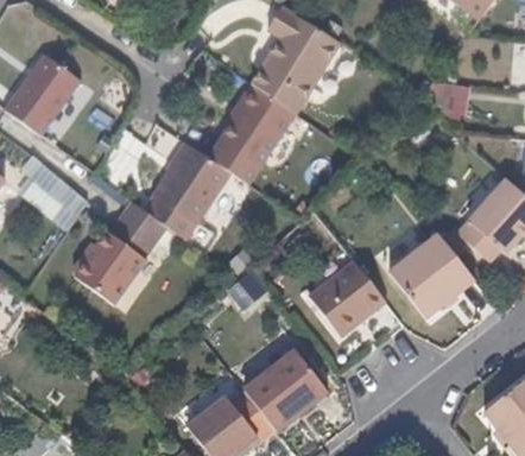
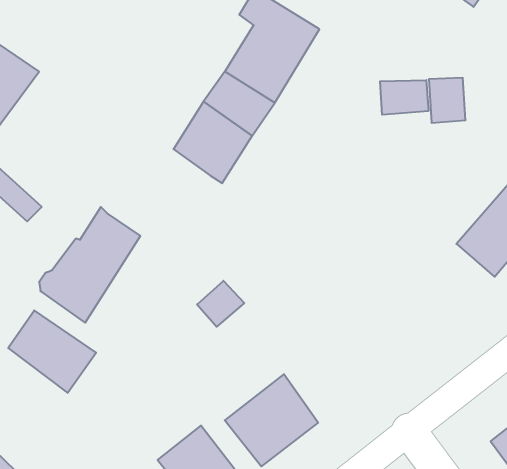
building: none -> [380,80,428,115]
building: [141,141,234,239] -> none
building: [390,235,476,321] -> none
building: [311,261,386,337] -> none
building: none -> [8,310,96,393]

